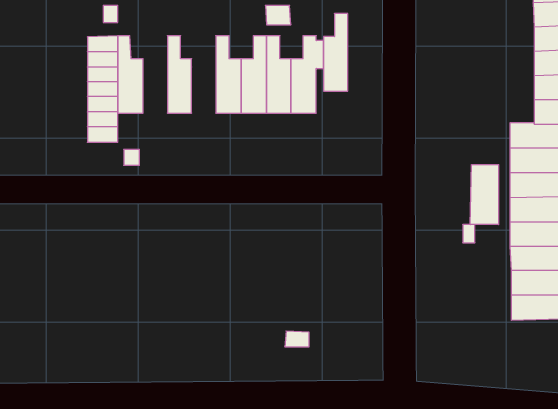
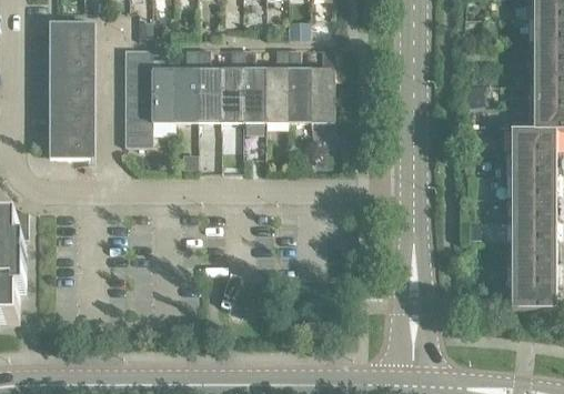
building: none -> [54,21,89,159]
building: [324,14,348,91] -> [220,49,242,120]
building: none -> [175,49,198,120]
building: [470,165,499,225] -> none

